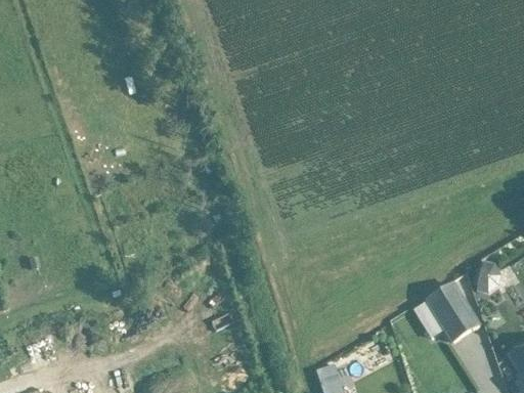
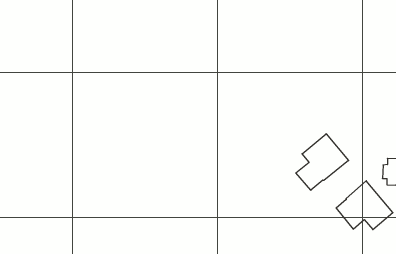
building: none -> [296,134,349,190]

